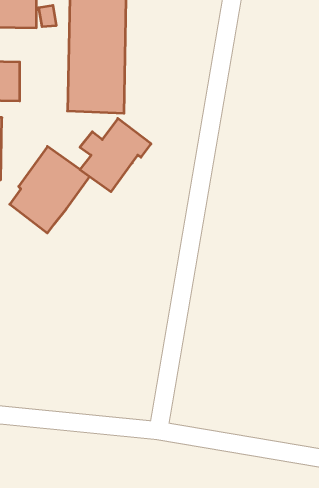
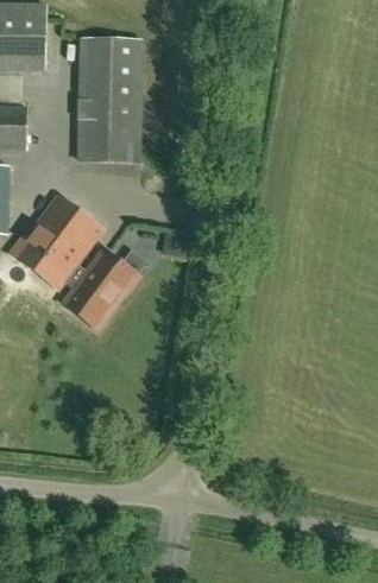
building: [80,118,151,192] -> [64,248,140,327]

